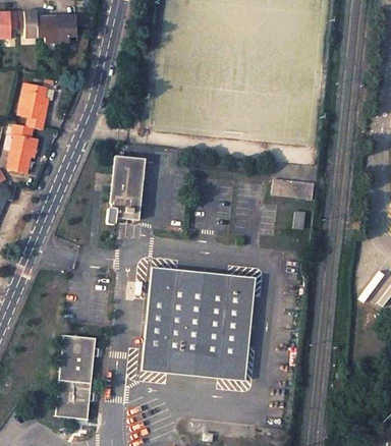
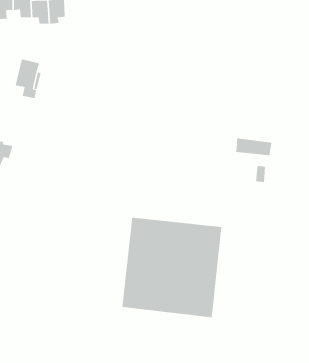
building: [6,125,33,175] -> none
building: [106,156,147,226] -> none
building: [61,336,102,421] -> none

